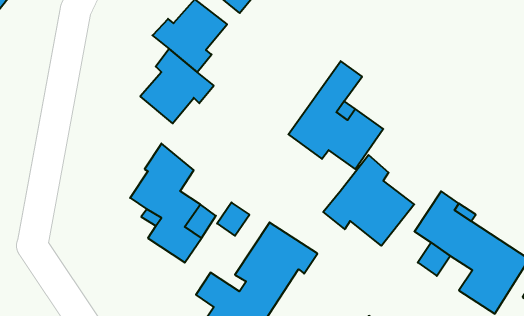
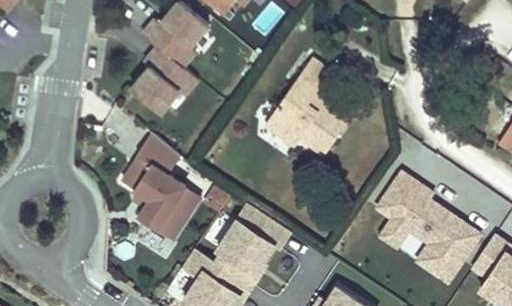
building: [323,155,414,246] -> none

